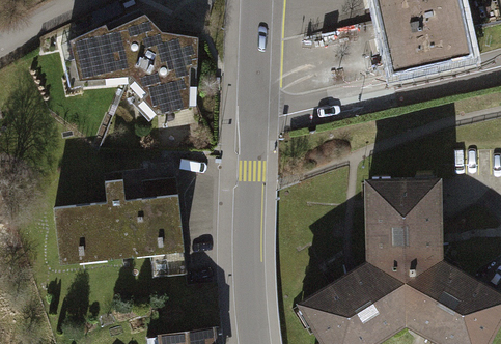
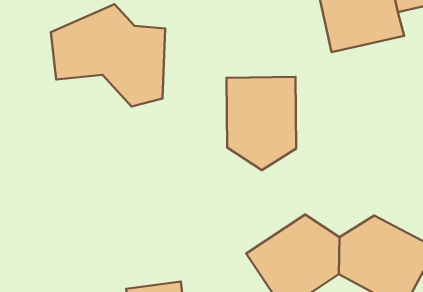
building: [360,173,440,280] -> [226,77,296,170]
building: [55,181,185,273] -> none

